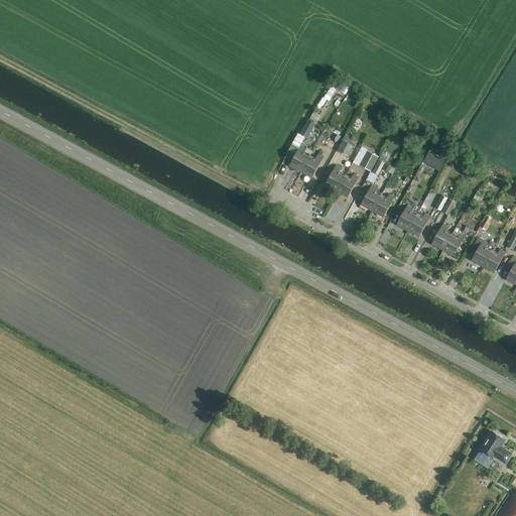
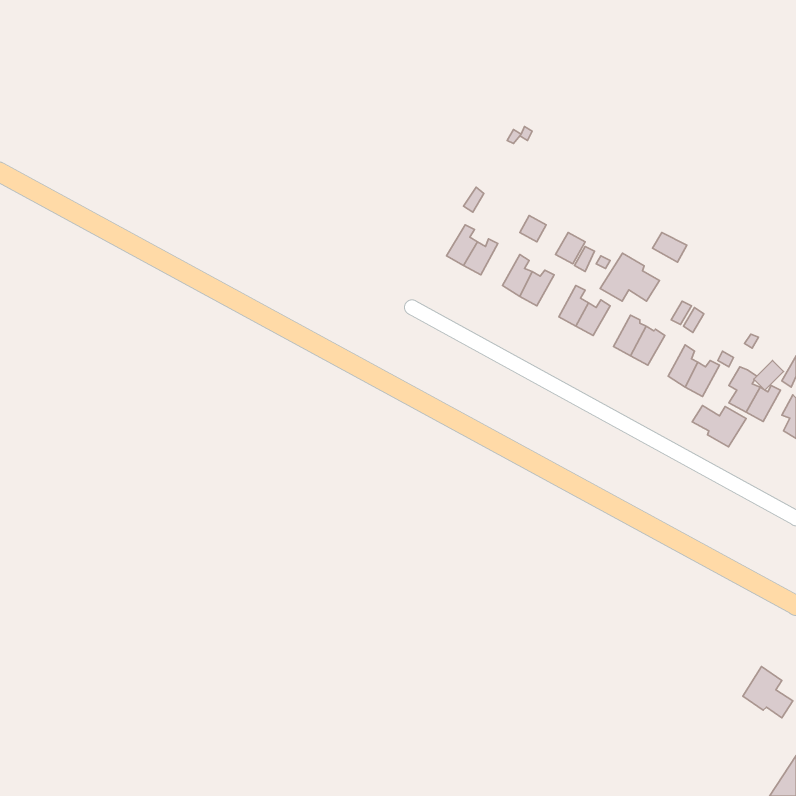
building: none -> [600,253,659,301]
building: none -> [692,405,746,447]

